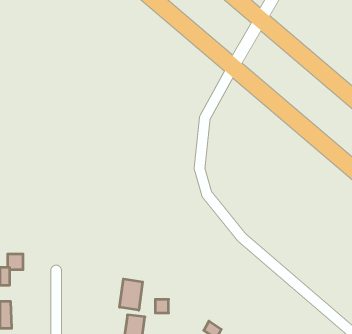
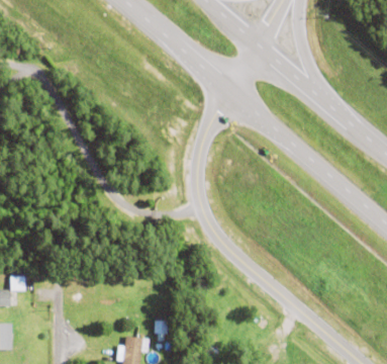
building: [120,279,143,310] -> none

